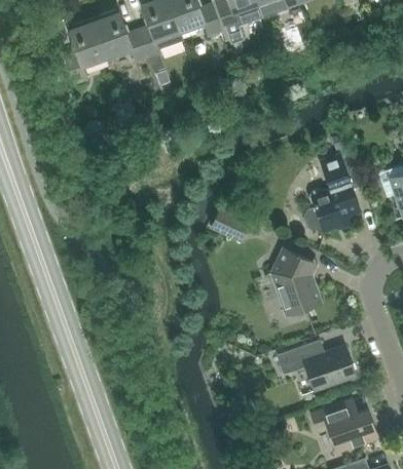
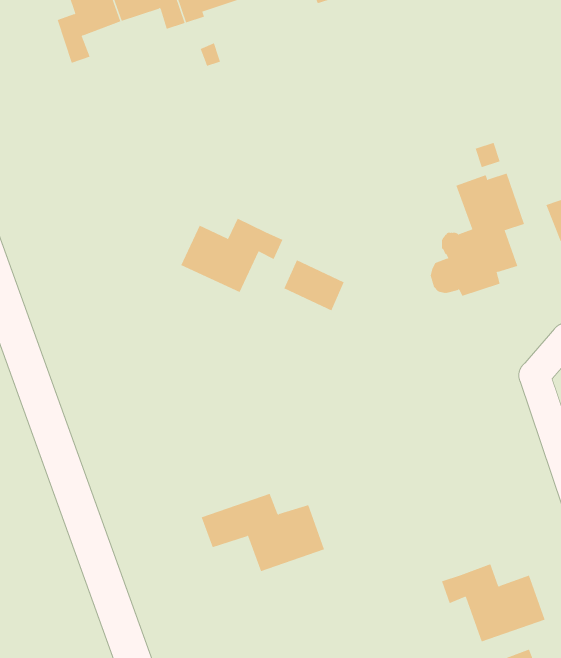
building: none -> [181,218,283,293]
building: [272,248,321,315] -> none
building: [277,340,356,390] -> [201,493,325,572]

